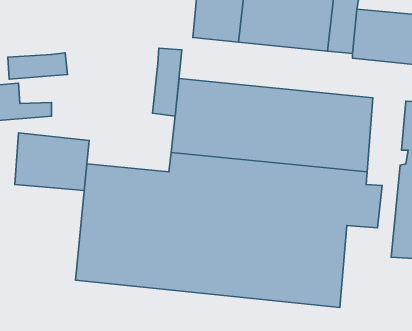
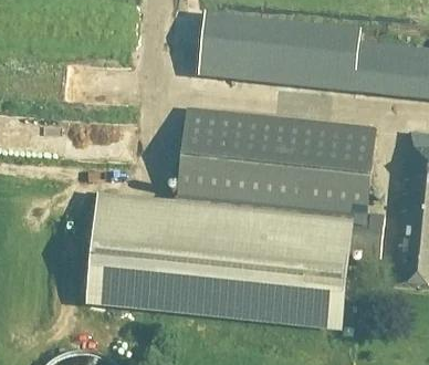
building: [152,48,182,116] -> none
building: [8,53,67,79] -> none
building: [15,133,89,190] -> none

